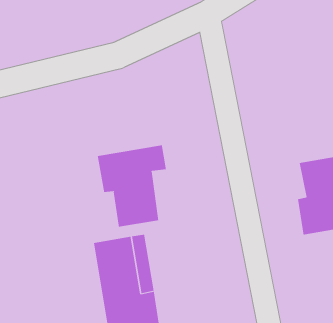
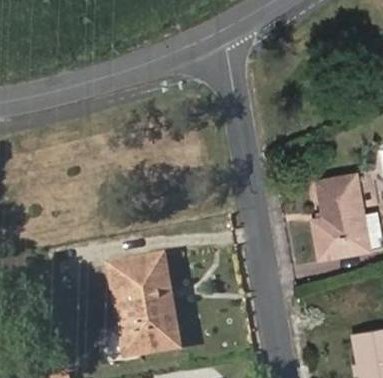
building: [97,145,167,228] -> none

